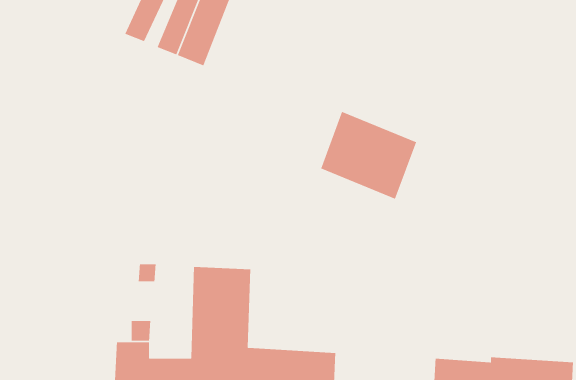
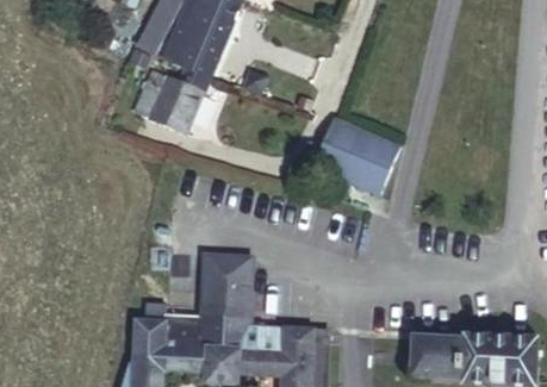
building: none -> [136,65,211,131]

